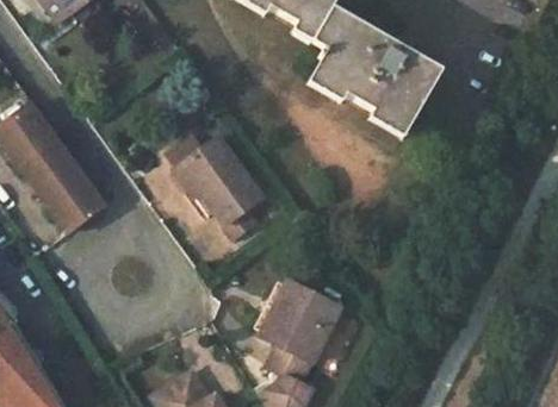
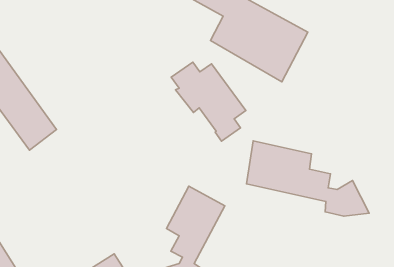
building: [153,126,252,231] -> [171,62,246,141]
building: none -> [247,141,369,216]

